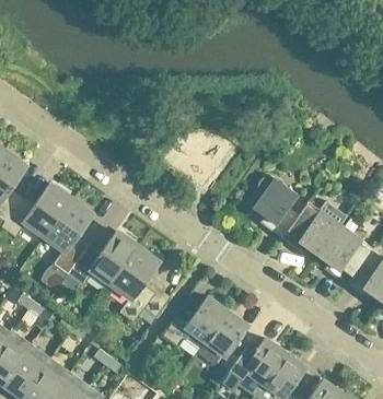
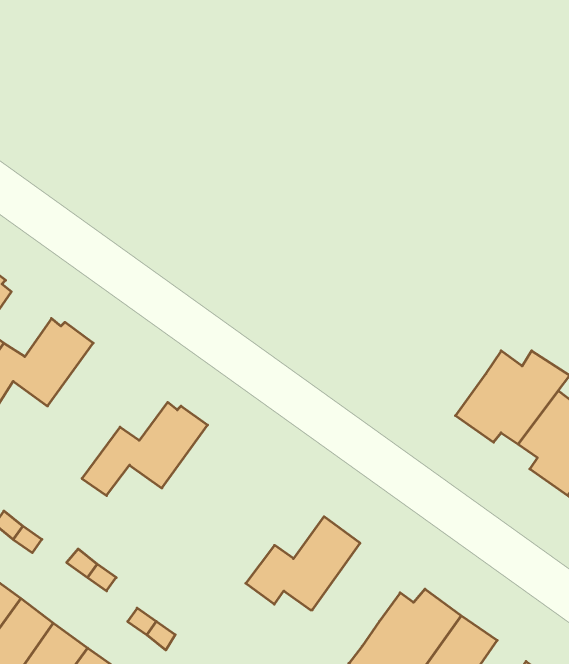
building: [254,176,300,239] -> none
building: [48,198,94,275] -> none
building: [114,245,161,325] -> none
building: [197,313,248,372] -> none

